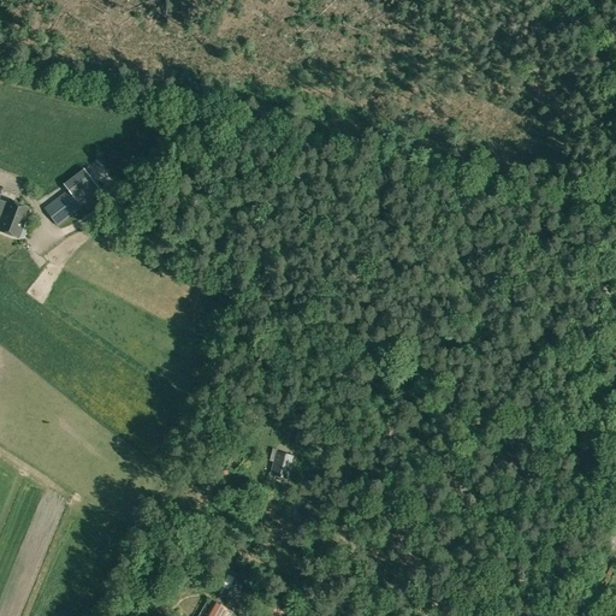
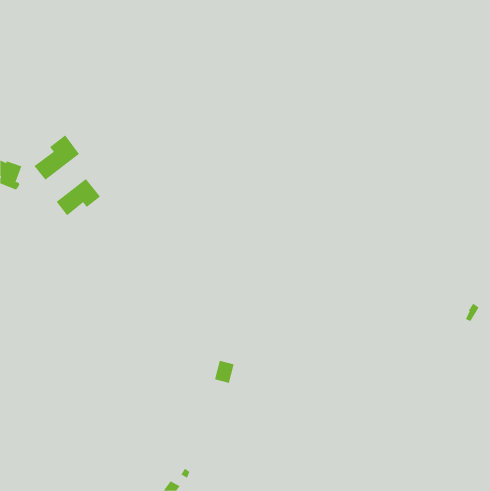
building: none -> [56,178,101,216]

